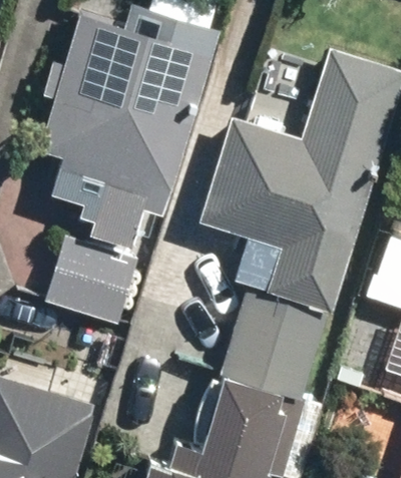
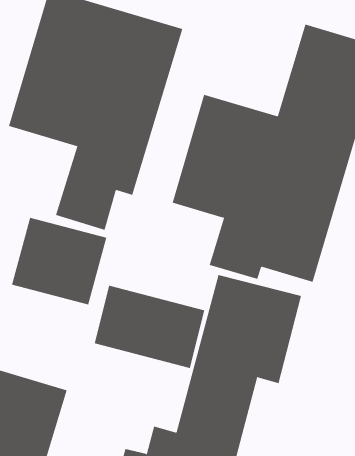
building: none -> [94,285,205,369]

